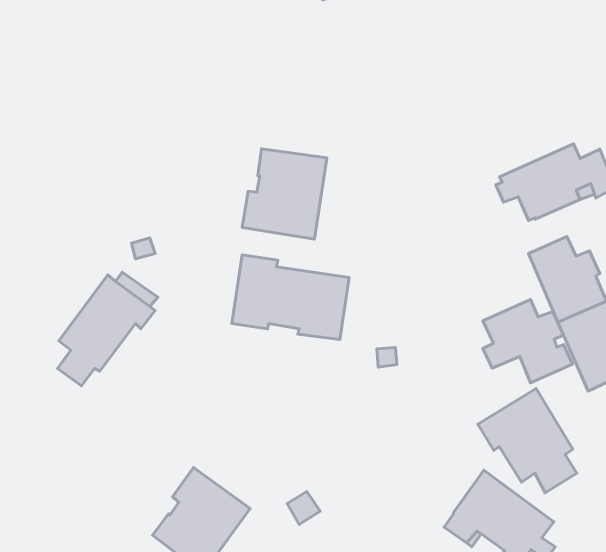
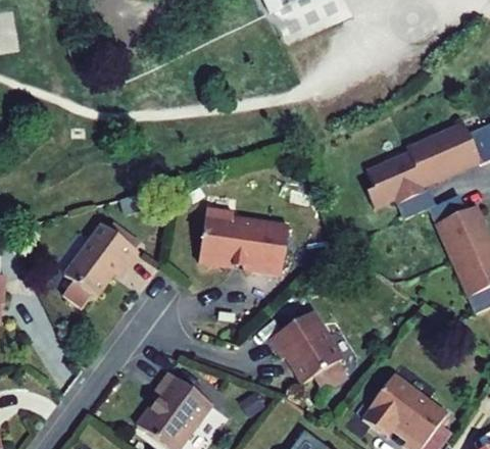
building: [242,149,327,239] -> none
building: [483,300,573,383] -> [365,153,435,217]
building: [478,388,577,493] -> [269,310,346,391]

